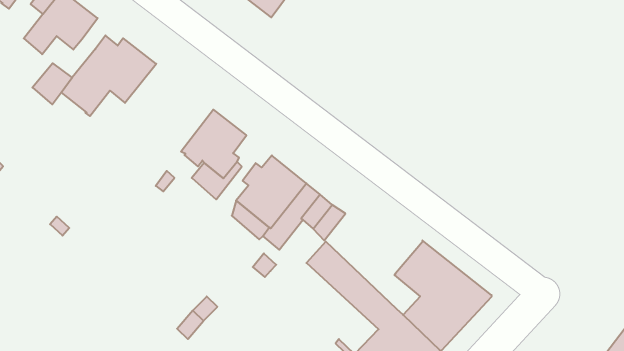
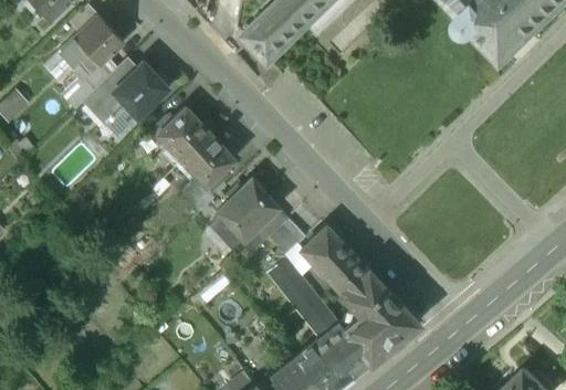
building: none -> [73,53,118,89]
building: none -> [151,108,209,165]
building: none -> [300,225,367,293]

